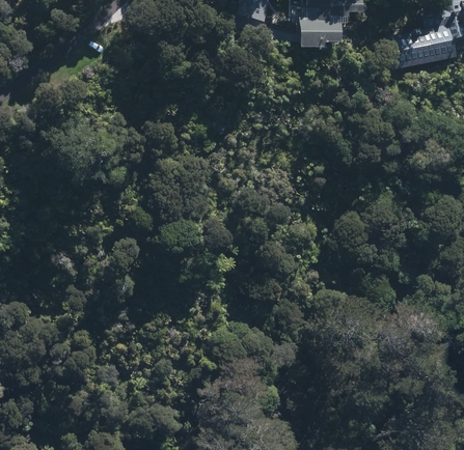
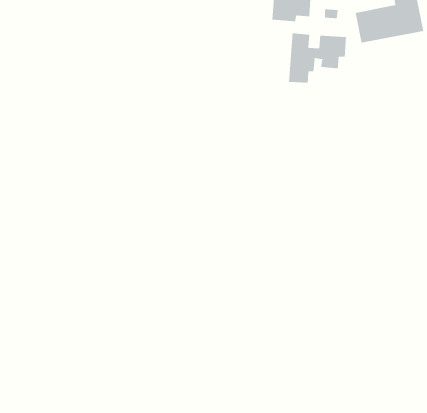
building: none -> [288,33,346,83]

